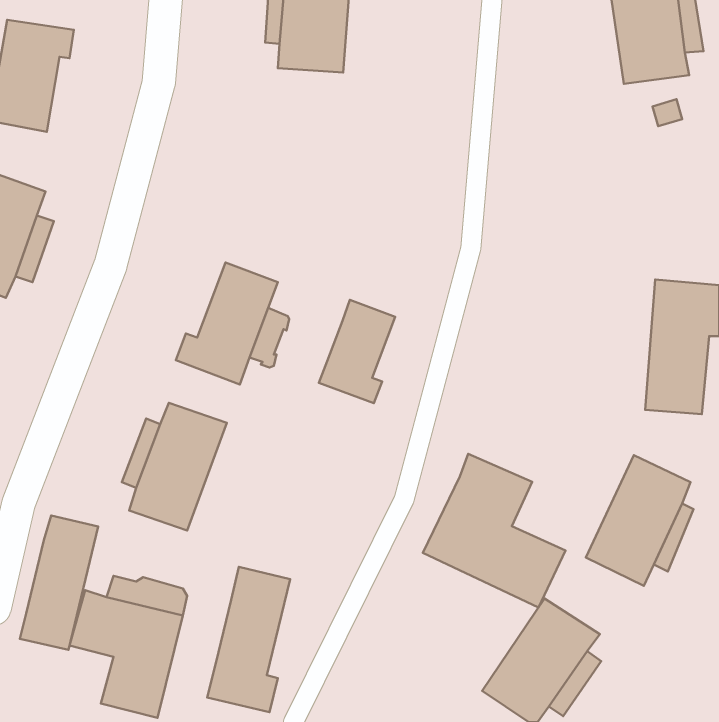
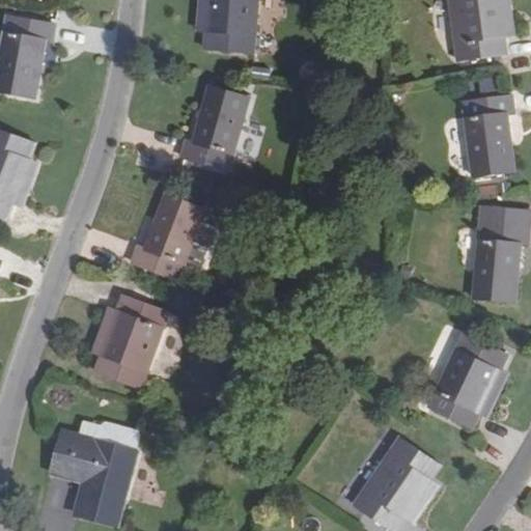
building: none -> [178,84,248,171]
building: none -> [460,92,512,178]
building: [319,300,395,403] -> none
building: [423,454,566,607] -> none
building: [20,515,98,650] -> none
building: [207,567,290,712] -> none

